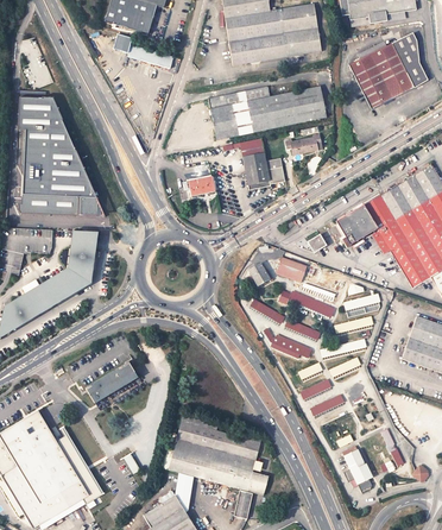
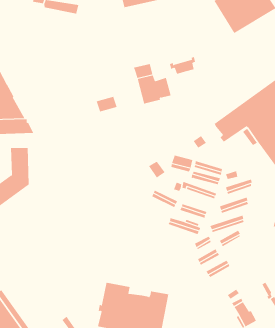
building: [208,86,326,139] -> none
building: [86,361,138,403] -> none

